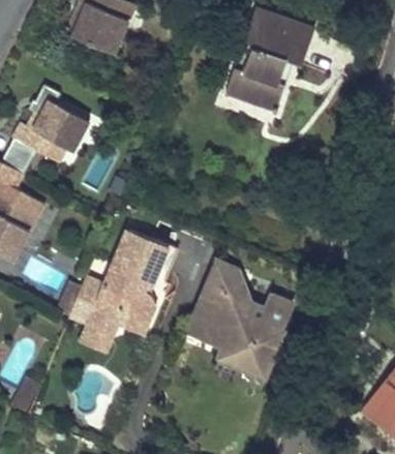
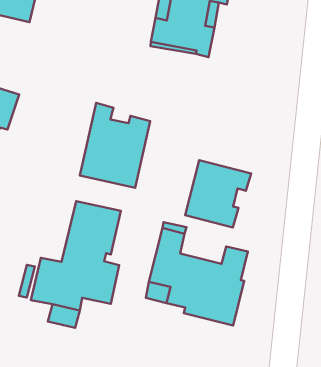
building: none -> [80,103,150,188]
building: none -> [185,160,251,228]

